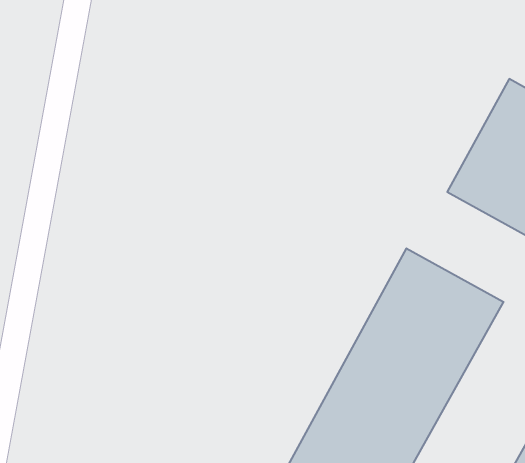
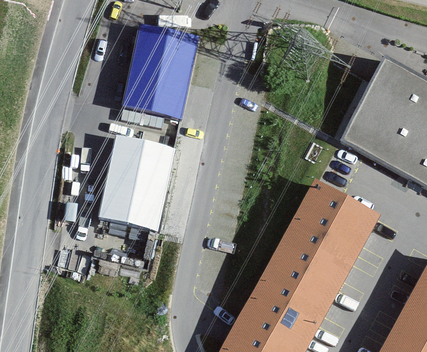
building: none -> [123,25,199,118]
building: none -> [99,136,177,230]

